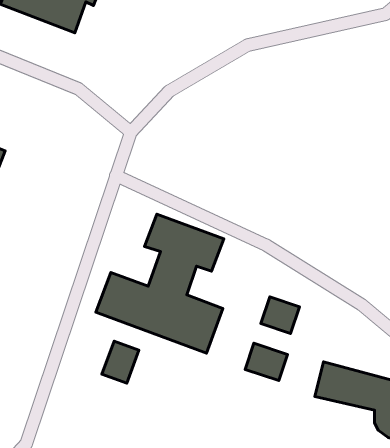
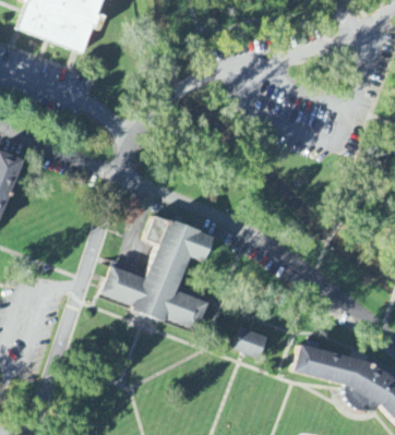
building: [261,297,300,334] -> none
building: [102,341,139,383] -> none

